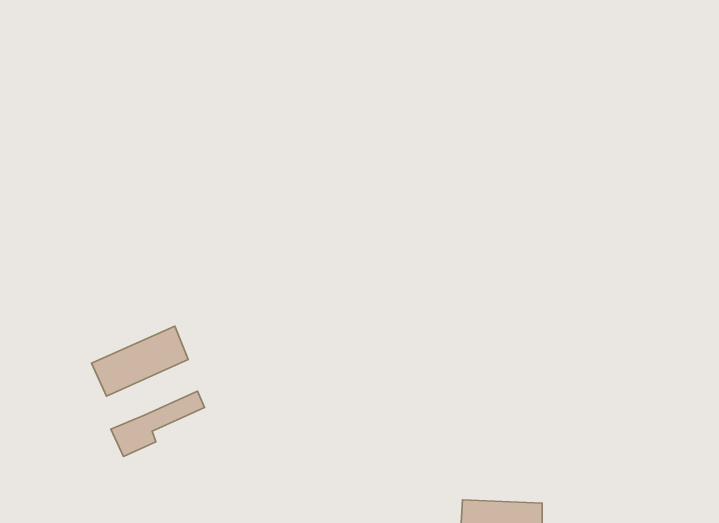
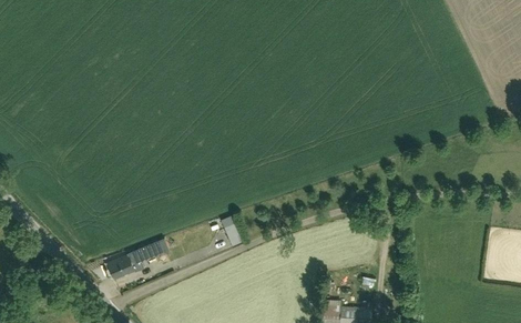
building: [91,326,188,396] -> none

